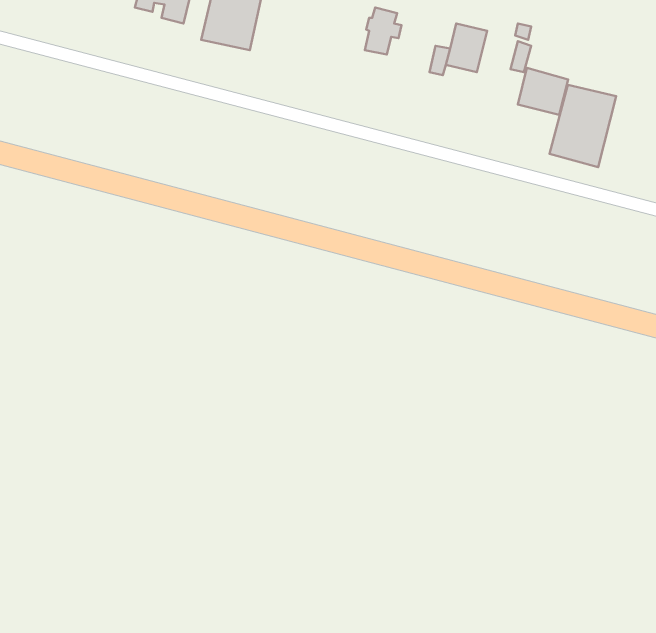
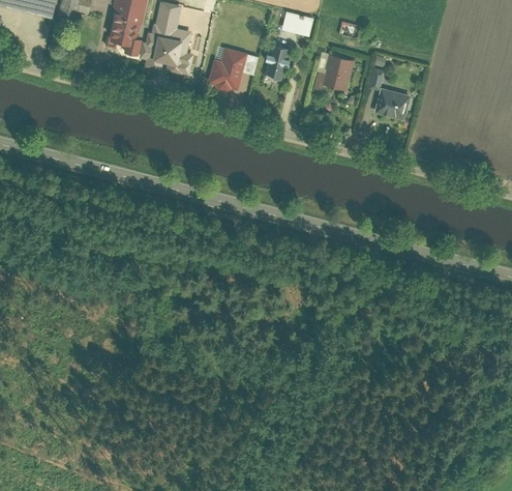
building: none -> [209,46,245,90]
building: [550,85,616,167] -> none

